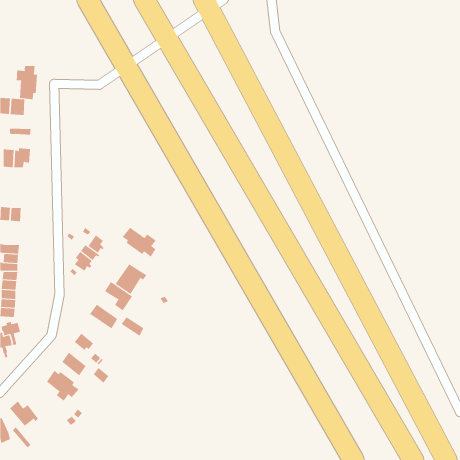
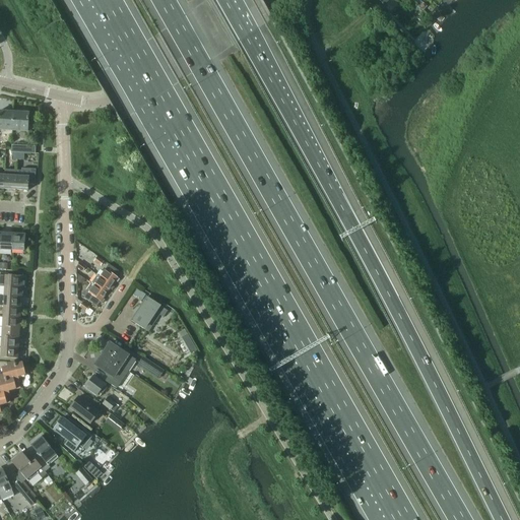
building: [16,65,37,100] -> none
building: [122,227,156,257] -> none
building: [104,281,133,311] -> [93,353,126,387]
building: none -> [29,436,57,471]

